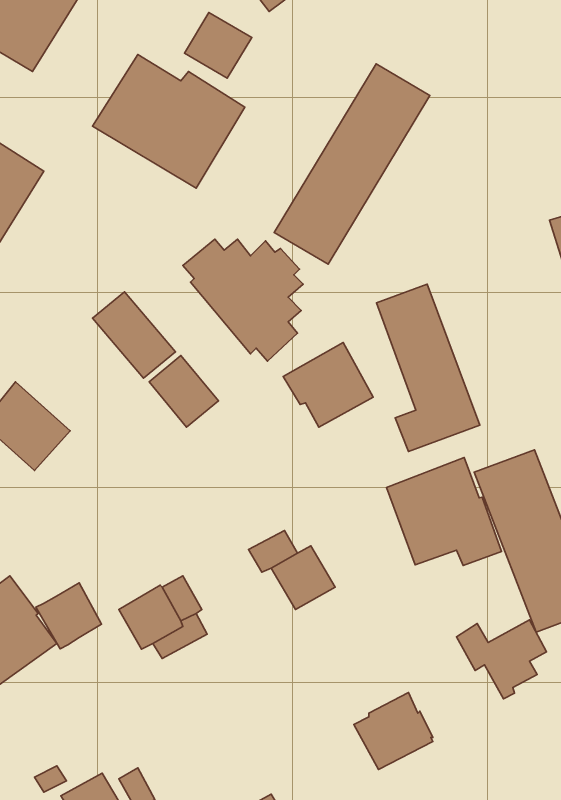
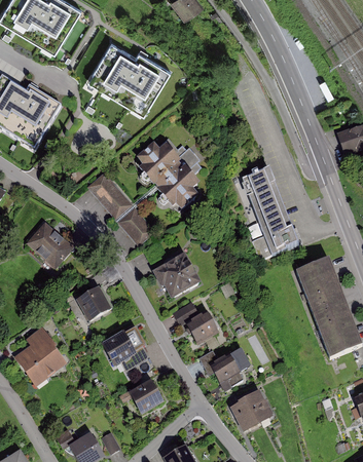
building: [184,12,252,78] -> none
building: [274,64,430,264] -> none
building: [283,343,373,427] -> [151,253,201,299]
building: [386,457,501,566] -> none
building: [36,583,102,649] -> [75,286,111,322]
building: [456,620,547,699] -> [199,349,249,392]
building: none -> [129,381,164,415]

